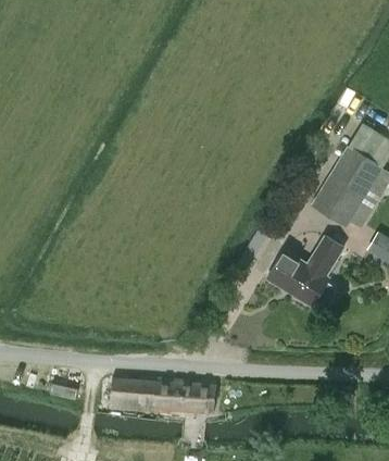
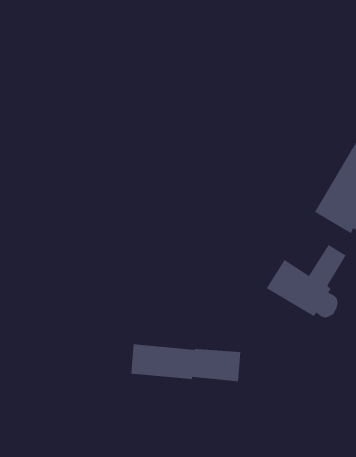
building: [110,377,214,413] -> [130,344,241,382]

